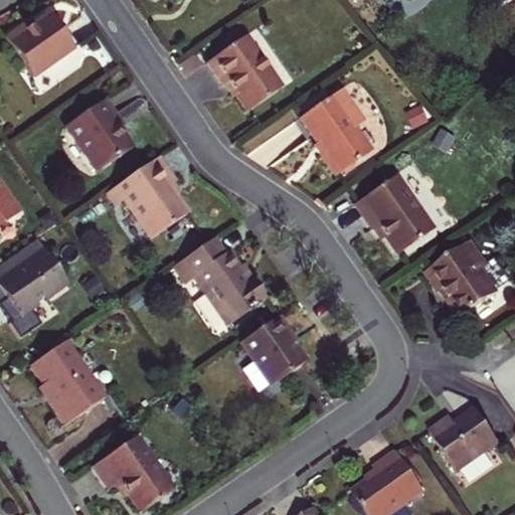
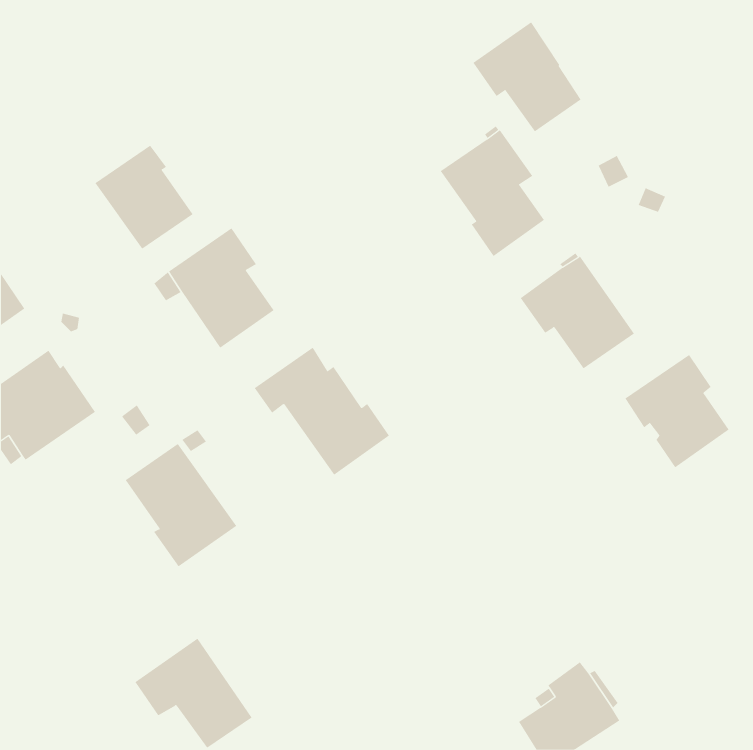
building: [5,11,74,75] -> none
building: [207,33,282,109] -> [472,21,582,132]
building: [241,314,307,384] -> none
building: [30,339,107,423] -> [125,443,237,567]
building: [431,409,499,472] -> none

